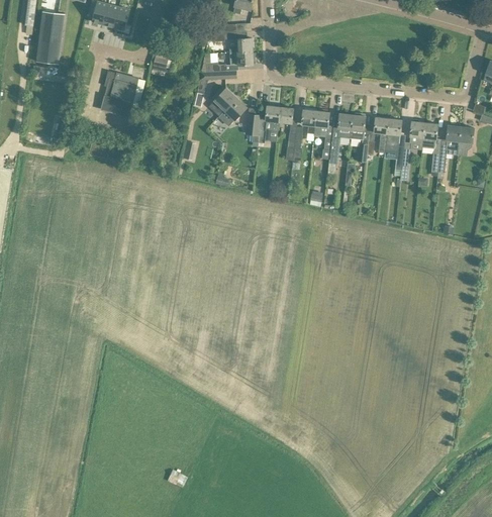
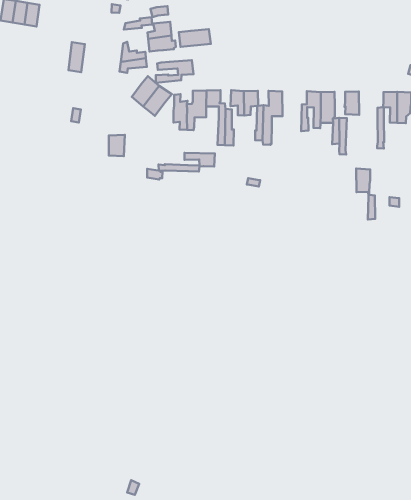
building: none -> [179,29,211,47]
building: [100,72,144,115] -> none
building: none -> [156,60,194,83]
building: [350,114,369,162] -> none
building: [422,121,439,171] -> [356,169,375,220]
building: none -> [159,153,215,172]

